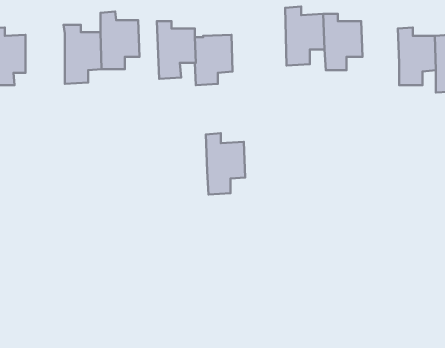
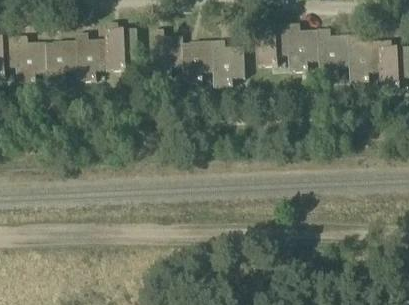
building: none -> [319,29,350,76]
building: none -> [45,39,77,81]
building: [206,133,245,195] -> [213,39,245,89]

